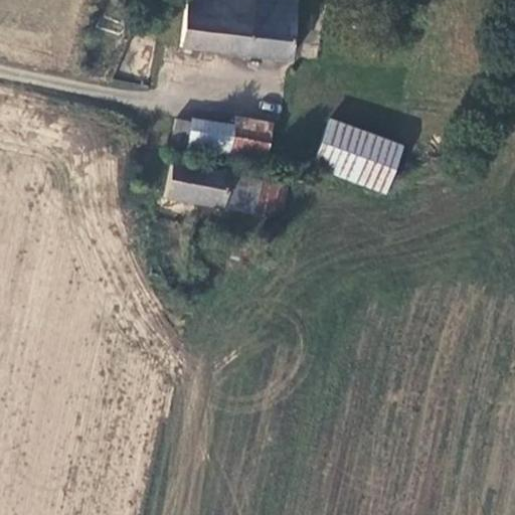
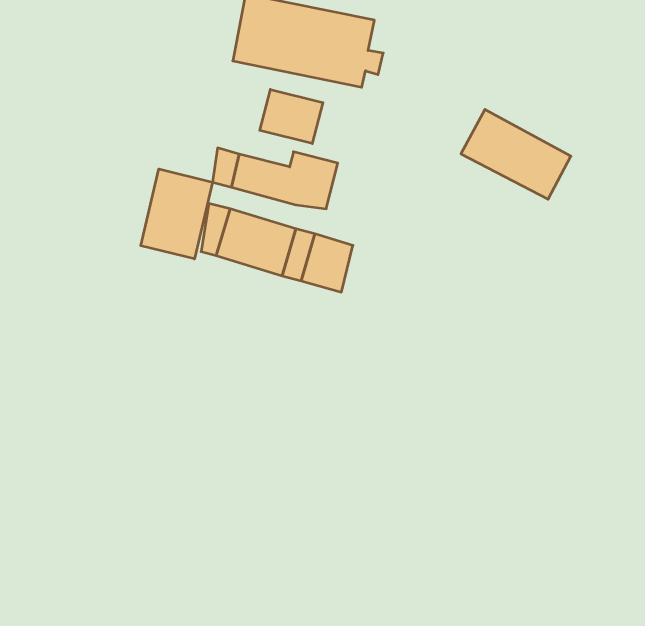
building: none -> [260,89,323,144]
building: [322,117,409,188] -> [461,109,571,199]
building: none -> [141,169,212,259]

